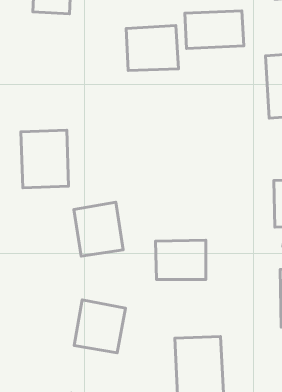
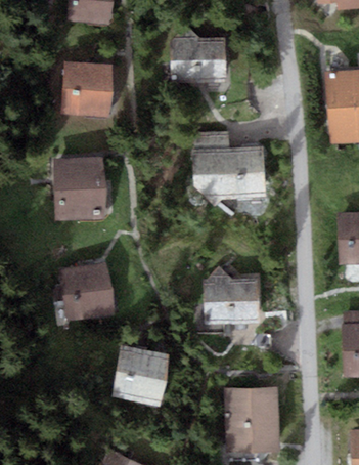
building: [185,11,244,48] -> none
building: none -> [61,59,111,117]
building: none -> [191,146,265,198]
building: [74,202,123,256] -> [58,259,114,320]

